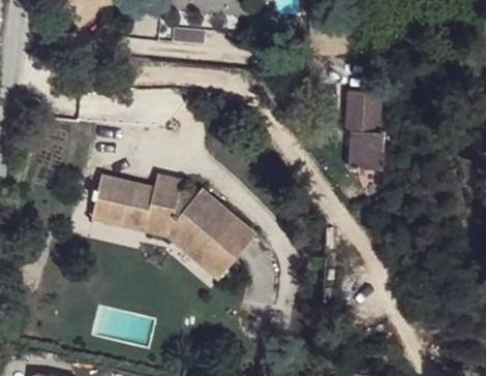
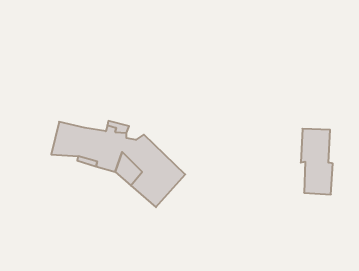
building: [347,91,386,169] -> [301,129,333,194]

